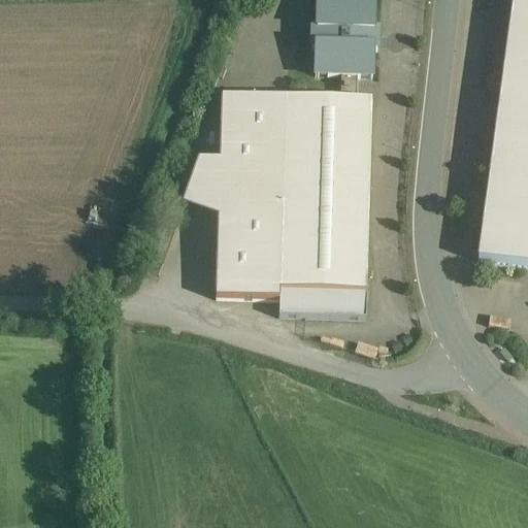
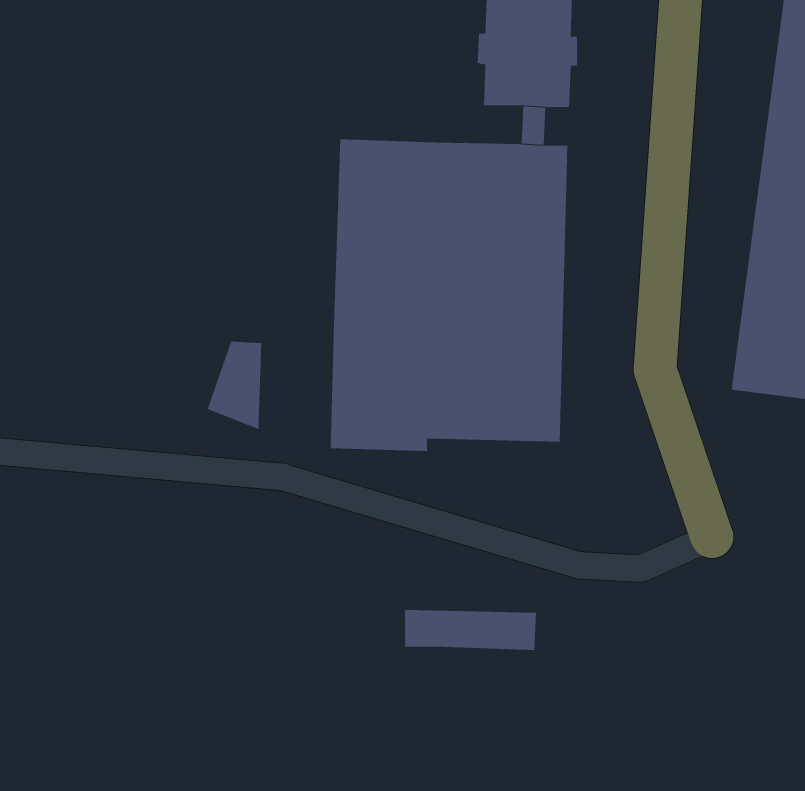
building: [185,154,221,211] -> [207,341,262,430]
building: [280,287,367,314] -> [404,609,537,650]

